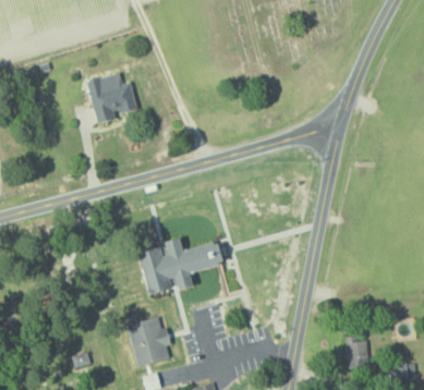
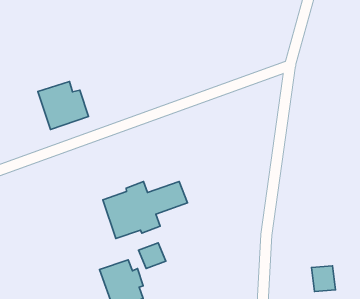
building: [86,73,136,121] -> [38,81,88,130]
building: none -> [138,243,166,269]

